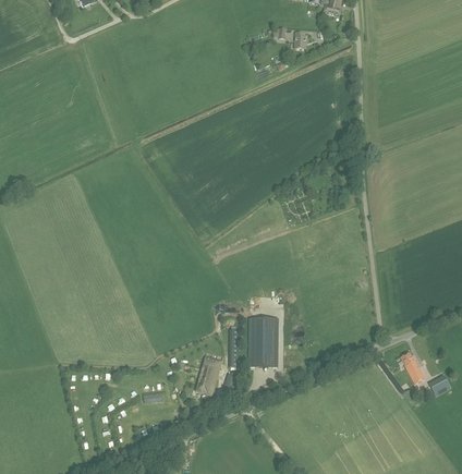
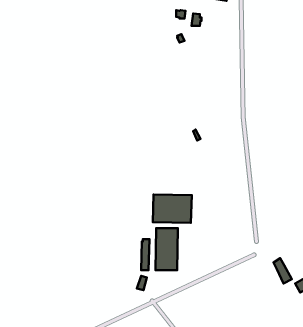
building: none -> [153,194,192,223]
building: [196,354,222,393] -> none

